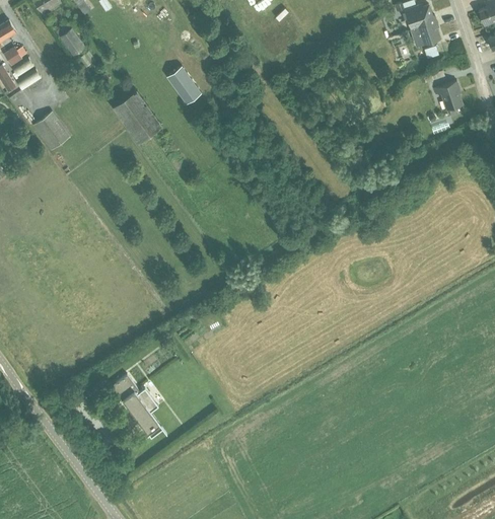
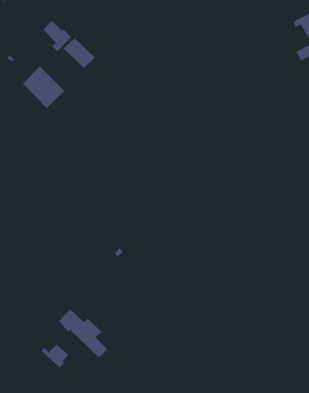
building: none -> [42,20,72,52]
building: none -> [41,344,69,368]

